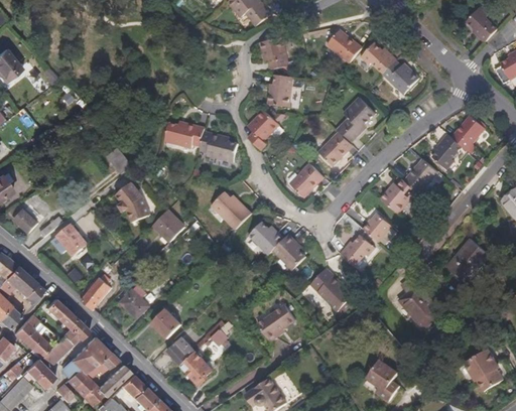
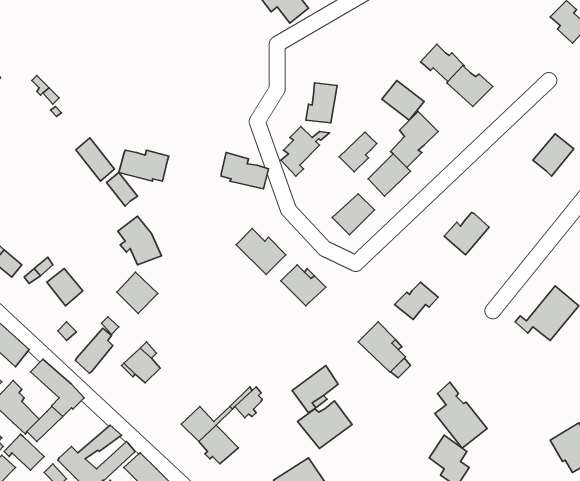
building: [327,30,361,62] -> [382,80,424,120]
building: [259,37,286,70] -> none
building: none -> [339,132,377,172]
building: none -> [76,138,115,181]
building: [163,123,204,148] -> [119,150,169,181]
building: [431,134,462,169] -> none
building: [403,159,436,193] -> none
building: [152,209,185,242] -> [117,272,158,313]
building: [363,214,390,242] -> none
building: [269,235,304,273] -> none
building: [399,275,441,328] -> [435,382,487,448]
building: [152,309,180,337] -> none
building: none -> [298,401,352,449]
building: [60,336,109,378] -> none

